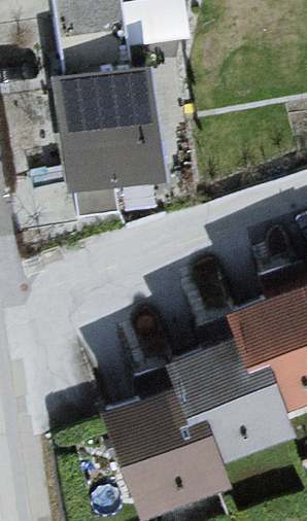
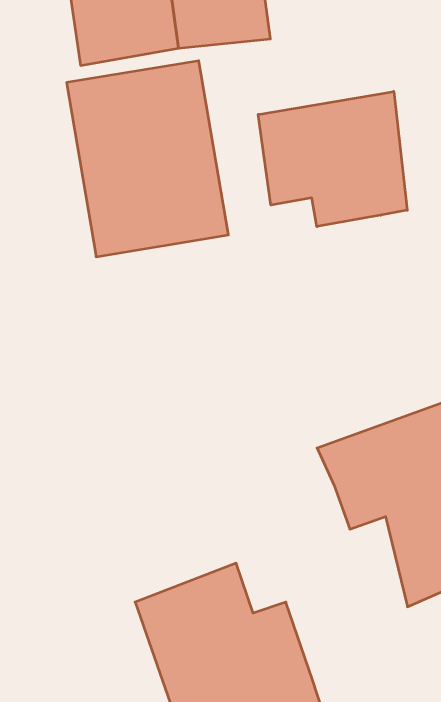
building: none -> [258,91,407,227]
building: [159,338,287,466] -> none

